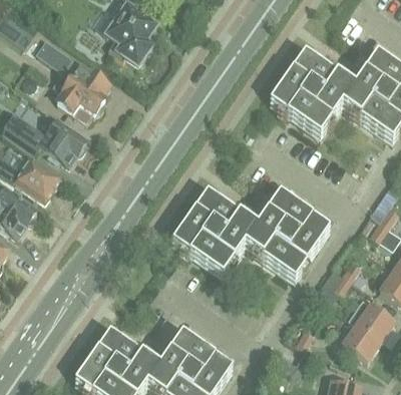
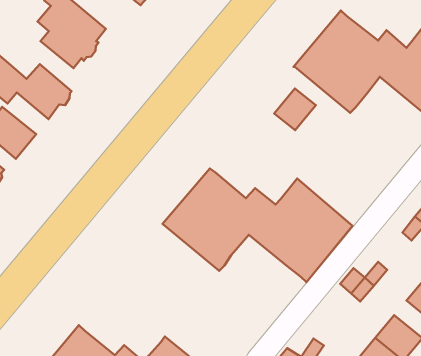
building: none -> [274,89,316,130]

